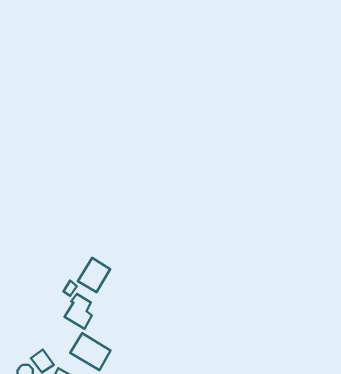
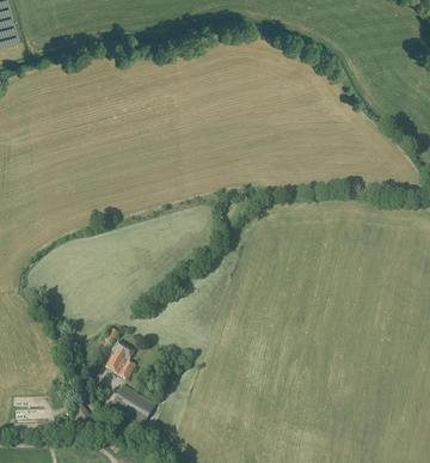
building: [78,258,110,292] -> none

